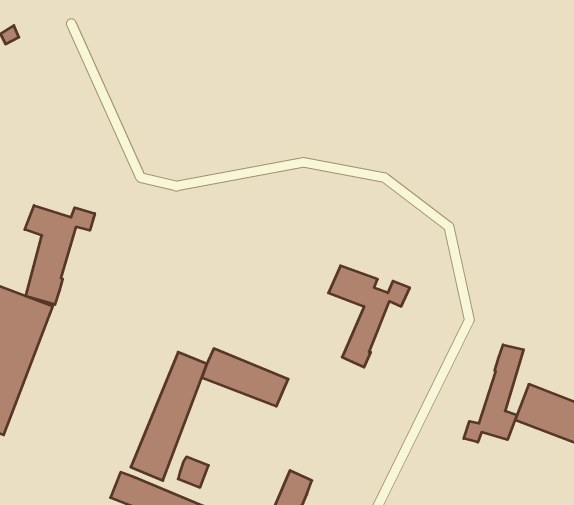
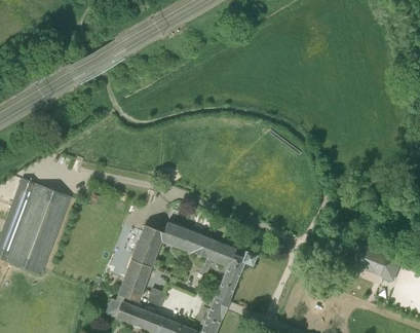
building: [25,205,95,305] -> none
building: [328,266,410,367] -> [206,240,256,302]
building: [464,345,524,442] -> none

